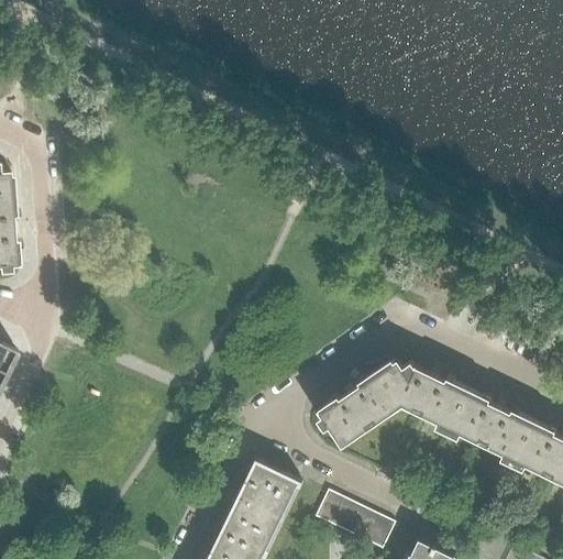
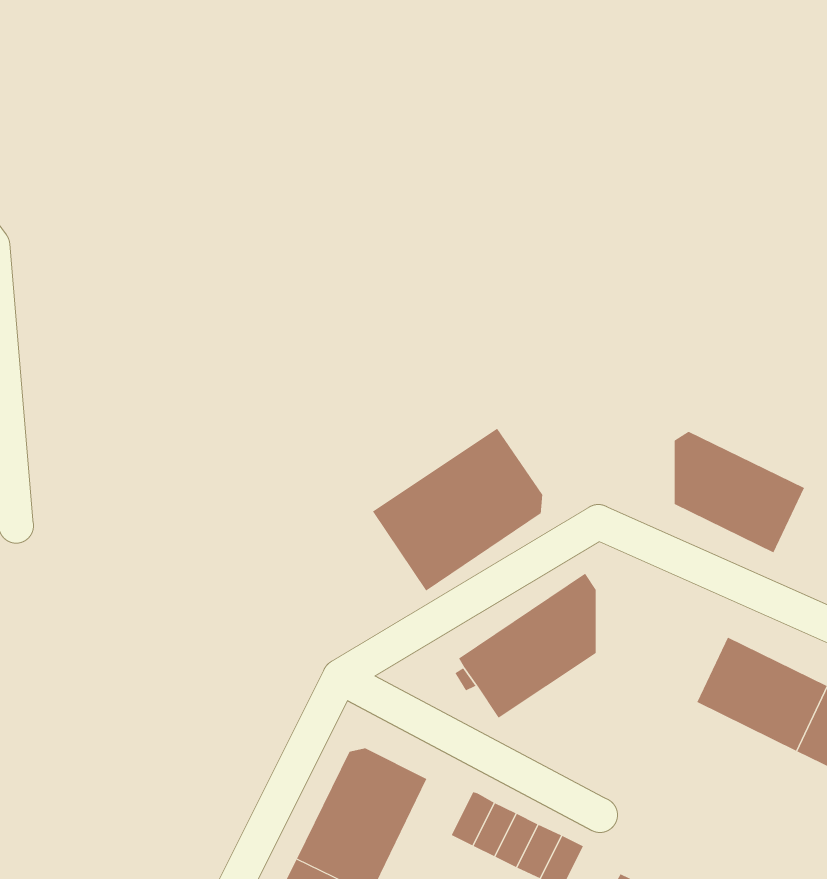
building: none -> [372,428,543,592]
building: [402,364,482,438] -> [674,431,805,553]

